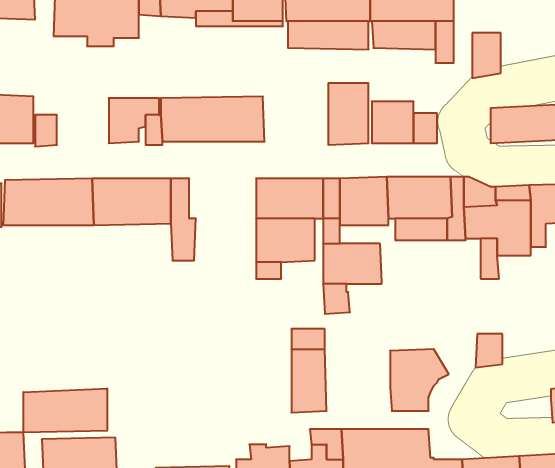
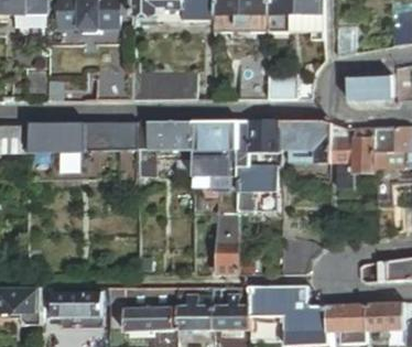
building: none -> [149,121,193,148]
building: [23,388,107,433] -> none

